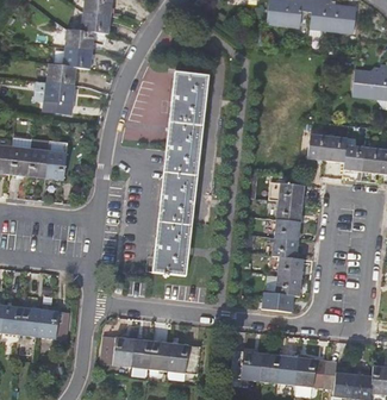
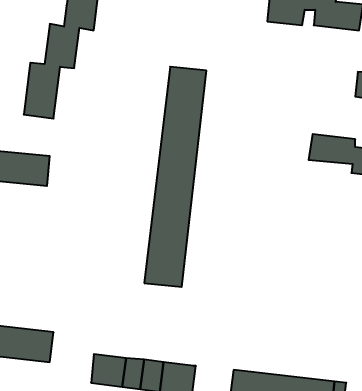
building: [262,179,304,308] -> none

